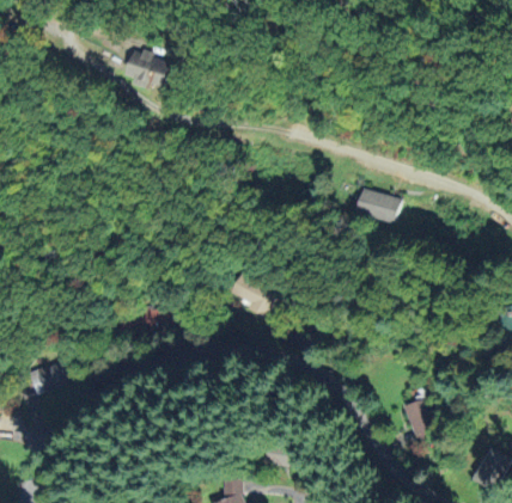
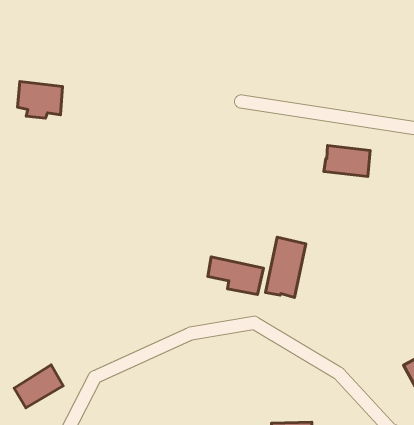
building: [128,49,173,87] -> [17,82,62,118]
building: none -> [265,237,306,298]

